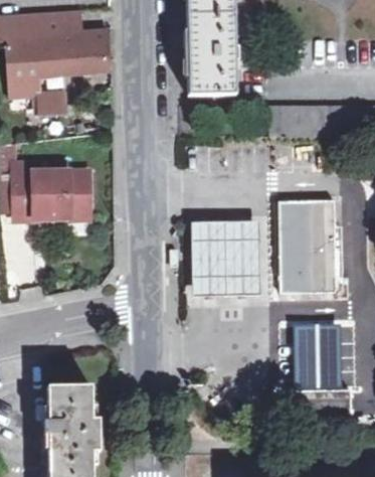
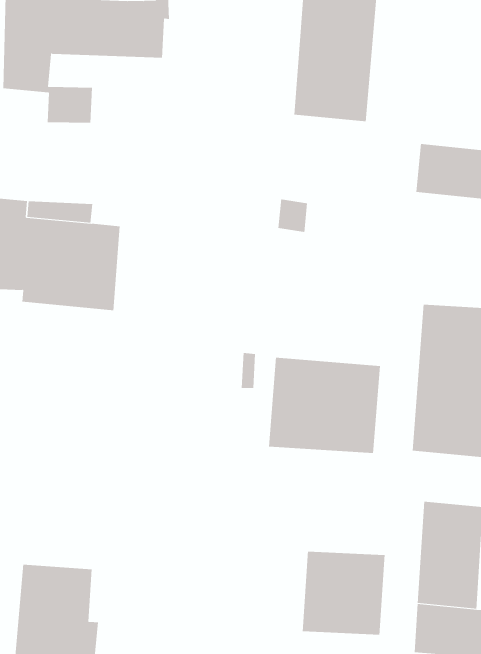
building: [191,223,263,297] -> none
building: none -> [302,551,385,635]

